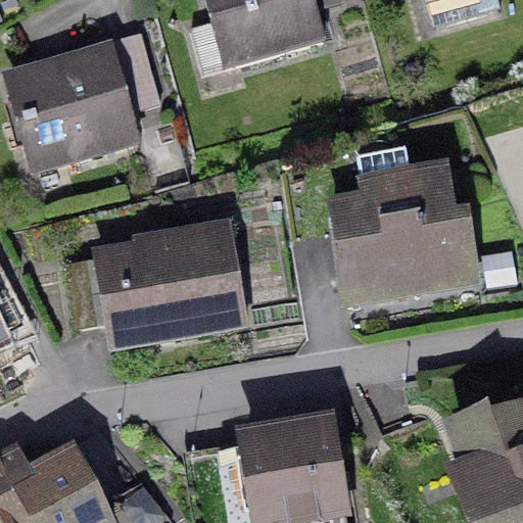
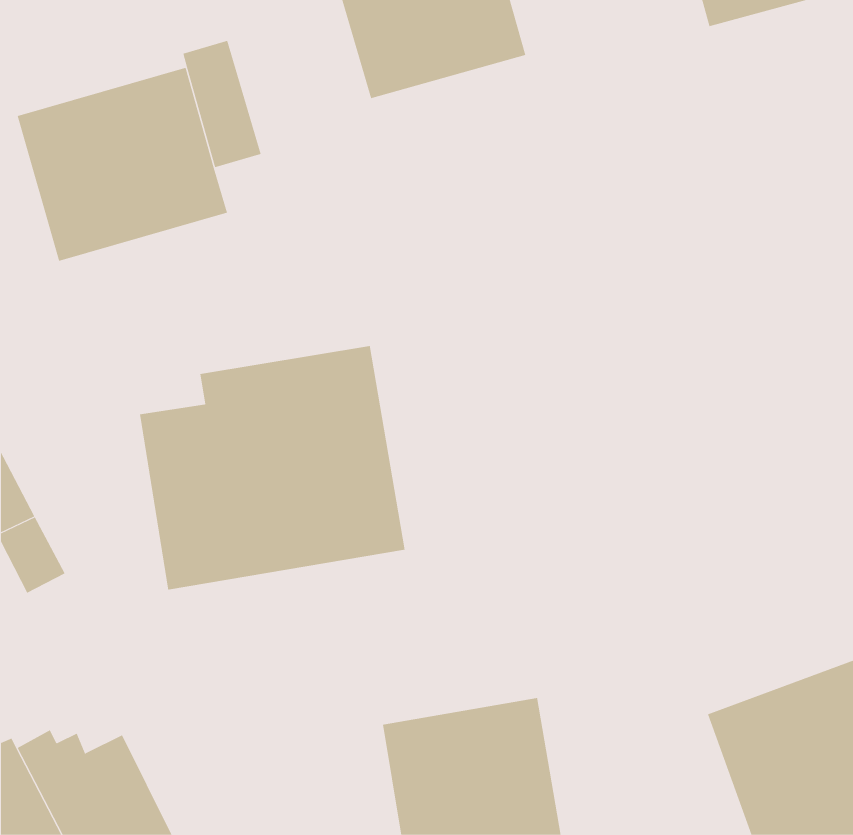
building: [331,164,479,304] -> none

